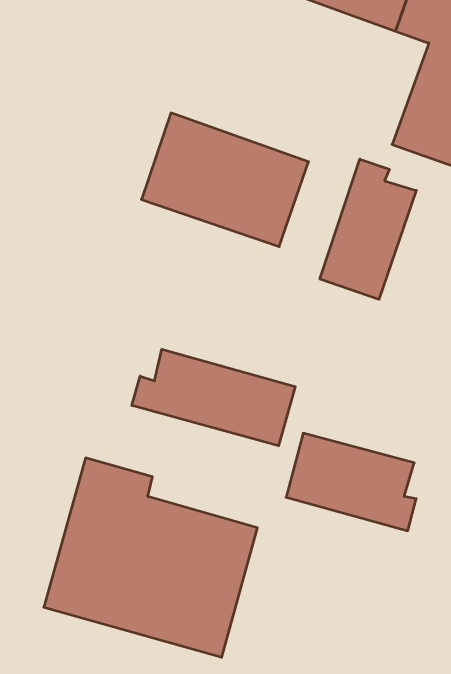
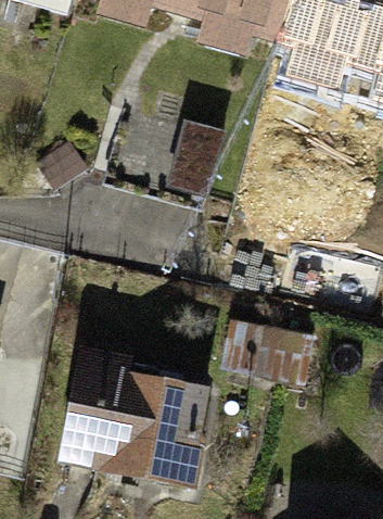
building: [320,159,416,299] -> none
building: [132,349,295,446] -> none

